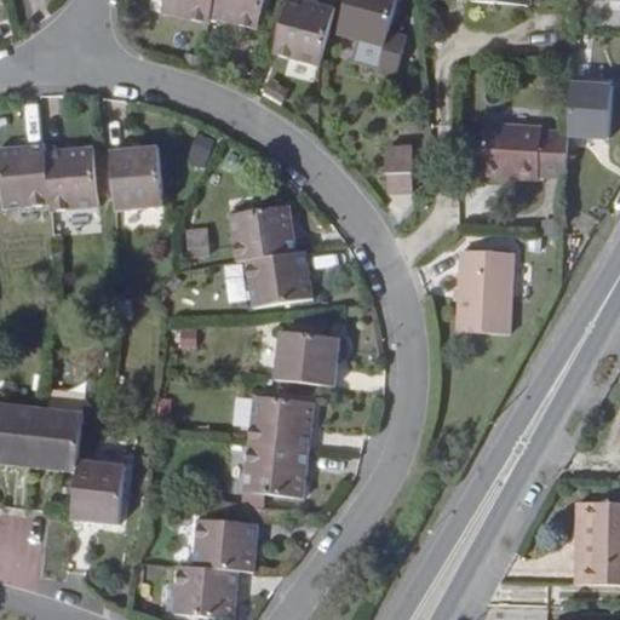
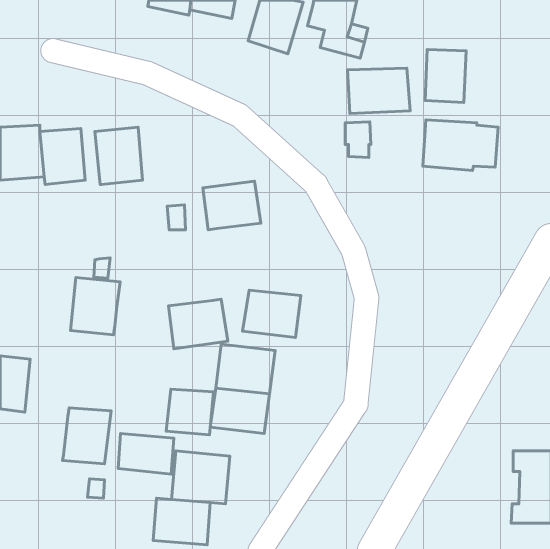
building: none -> [348,68,410,114]
building: [567,86,613,145] -> [425,50,466,103]
building: [447,245,504,328] -> none
building: [245,252,311,308] -> [168,299,228,349]
building: [29,406,85,470] -> [70,278,120,335]
building: none -> [166,389,213,435]
building: none -> [118,434,174,474]

